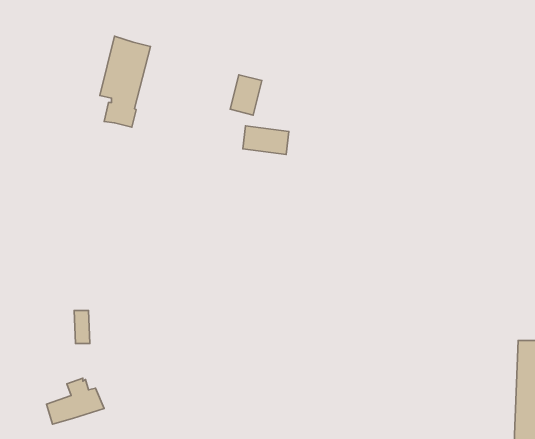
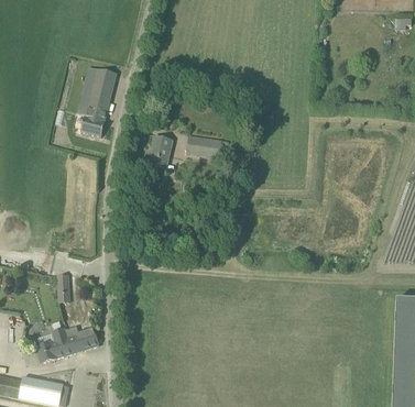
building: [230,75,262,115] -> [148,135,172,166]
building: none -> [66,324,98,350]

